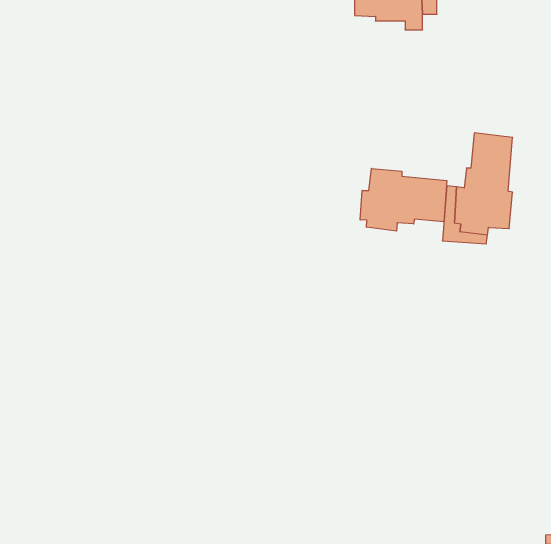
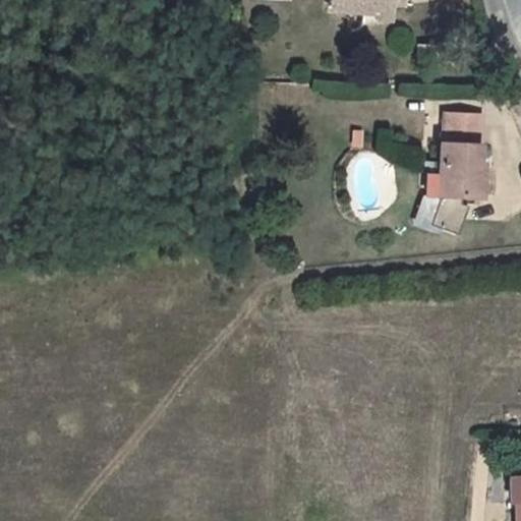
building: [360,168,447,231] -> none

